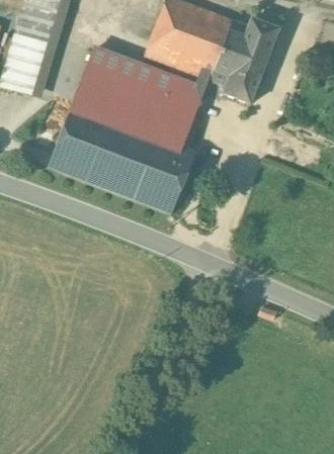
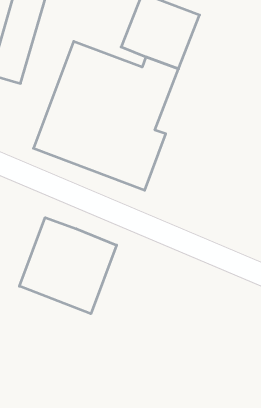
building: [210,17,279,102] -> none
building: none -> [19,218,117,314]

